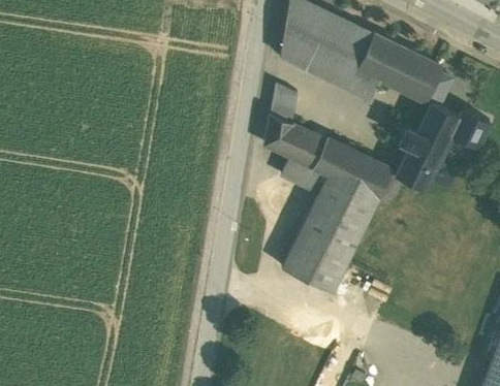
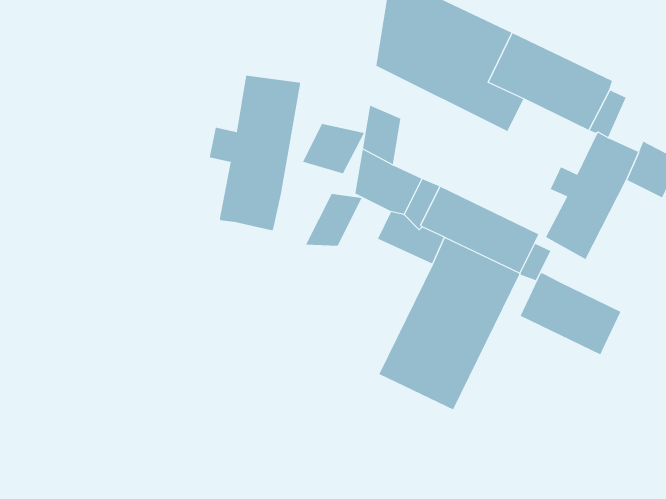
building: none -> [209,75,301,231]
building: none -> [302,123,365,174]
building: none -> [305,193,362,246]
building: none -> [520,273,621,355]

